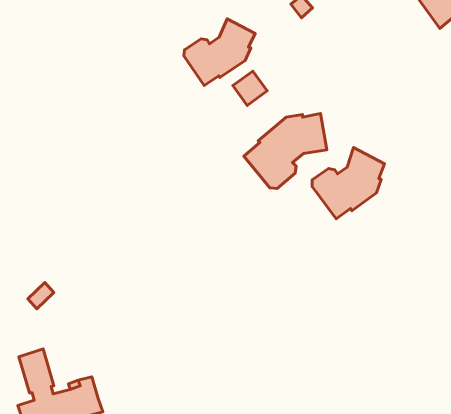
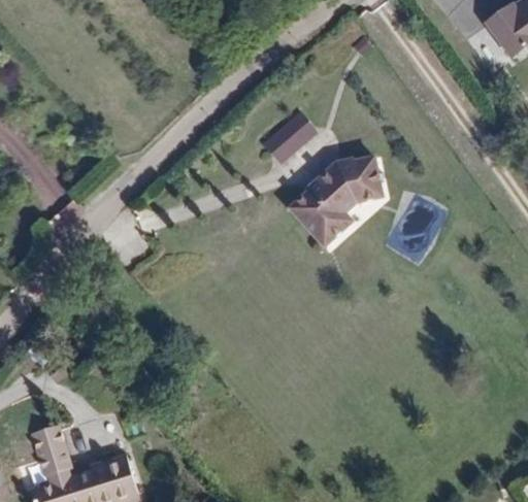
building: [184,19,255,86] -> none
building: [312,147,384,219] -> none

